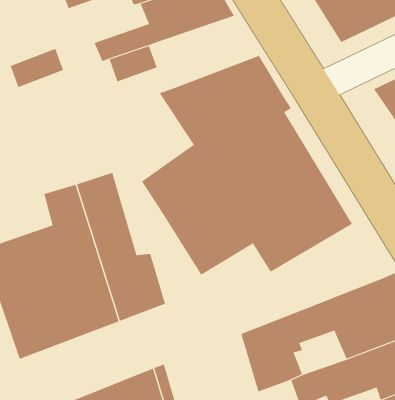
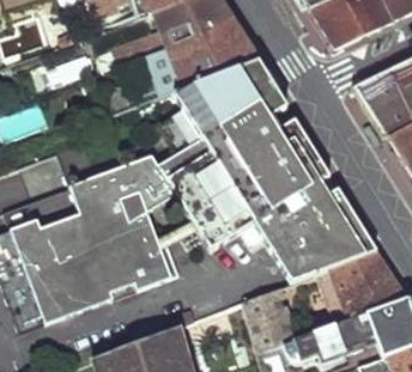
building: none -> [169,23,260,86]
building: none -> [131,155,175,209]
building: none -> [269,206,371,283]

